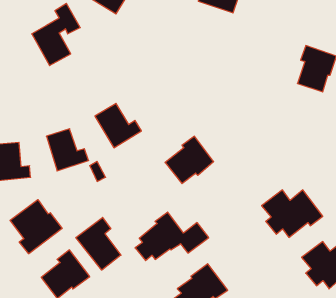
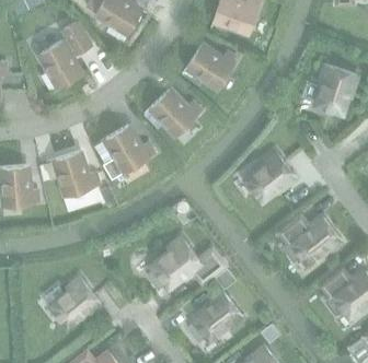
building: none -> [185,45,235,86]
building: none -> [149,89,199,133]
building: [165,136,214,184] -> [243,151,294,200]
building: [10,200,62,254] -> none
building: [76,217,121,270] -> none

